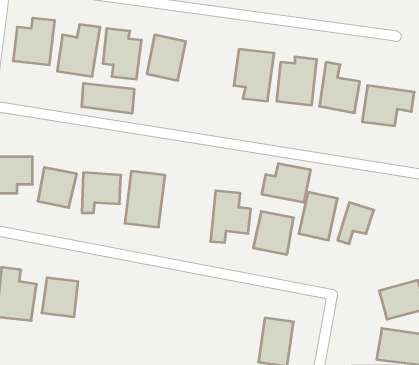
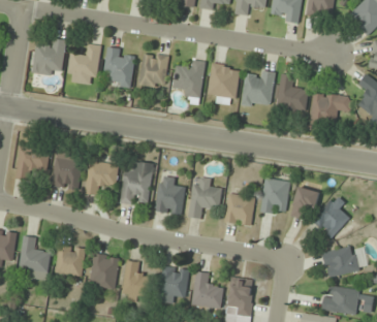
building: none -> [175,61,202,102]
building: [82,83,134,113] -> none
building: [262,163,310,202] -> none
building: none -> [155,176,185,215]
building: none -> [313,196,349,238]
building: none -> [91,255,118,288]
building: none -> [123,261,154,301]
building: none -> [161,268,188,303]
building: none -> [191,272,223,310]

